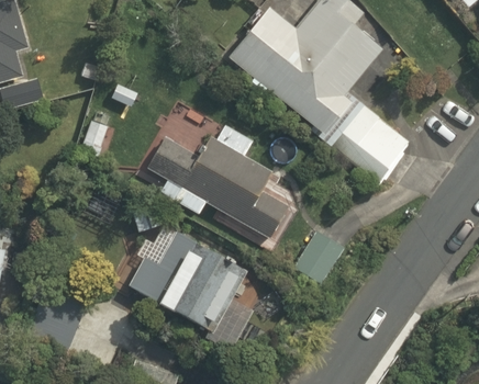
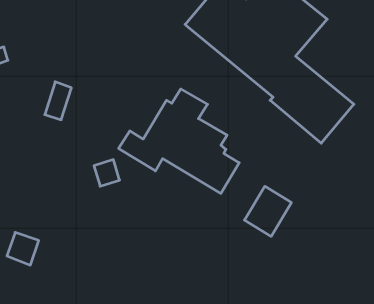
building: [156,230,246,332] -> none

